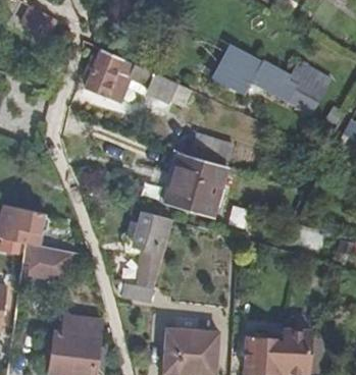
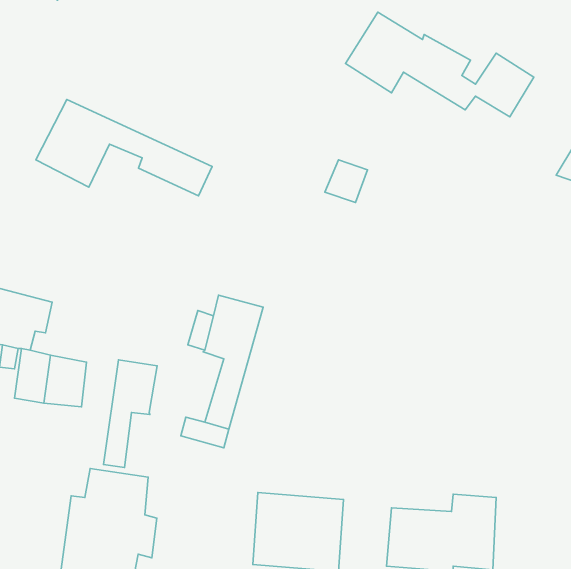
building: [86,52,191,109] -> [36,100,212,196]
building: [165,152,228,217] -> none
building: none -> [104,360,157,468]

